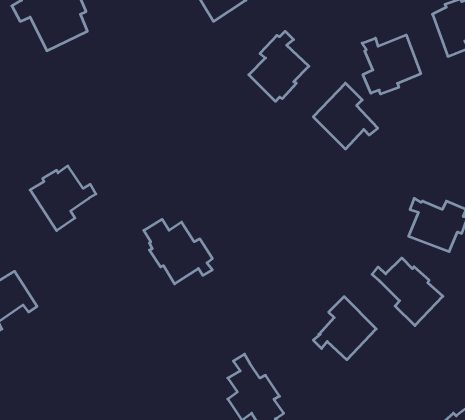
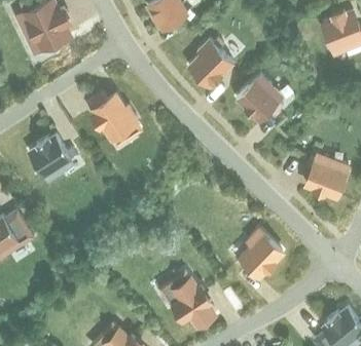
building: [362,35,421,94] -> none
building: [144,219,212,284] -> [88,93,139,141]
building: [372,258,443,326] -> none

